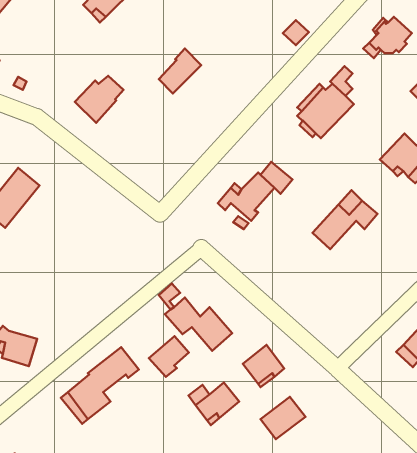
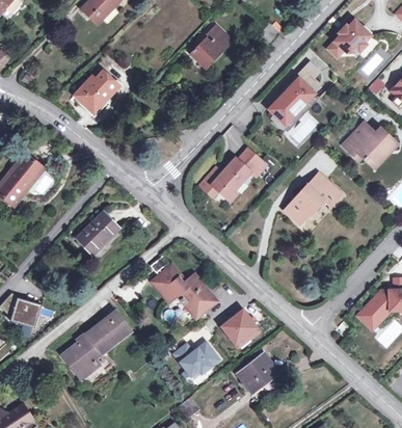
building: [159,48,201,93] -> [193,26,231,65]
building: none -> [76,212,119,255]
building: [149,336,189,377] -> none

